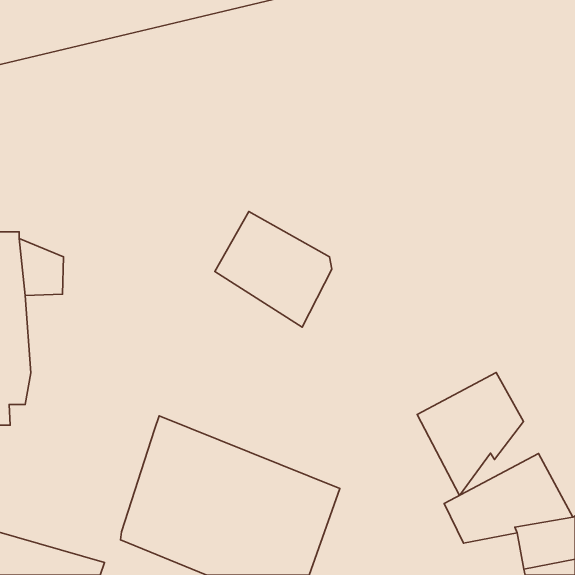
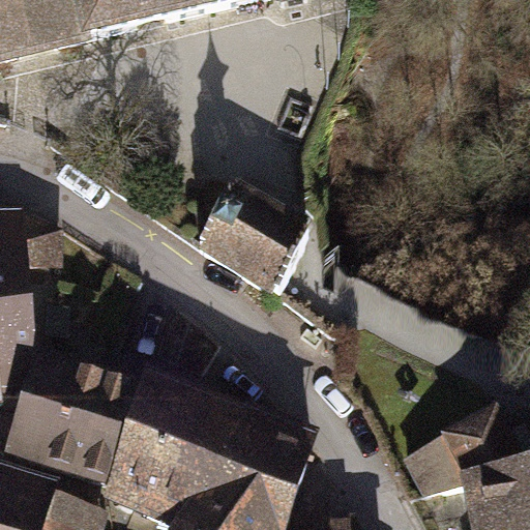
building: [417,373,524,495] -> none
building: none -> [7,360,141,484]

